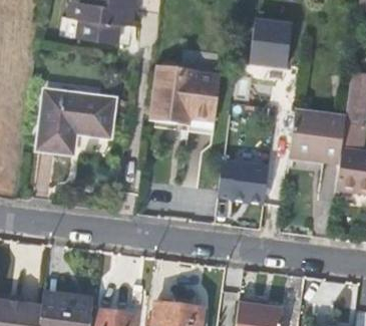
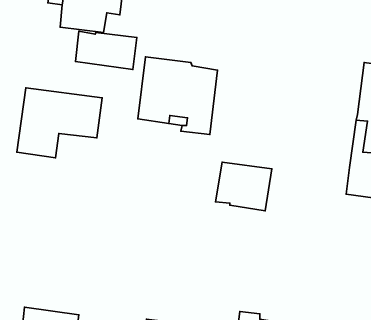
building: [250,19,292,67] -> none
building: none -> [76,31,137,70]
building: [289,109,346,165] -> none

